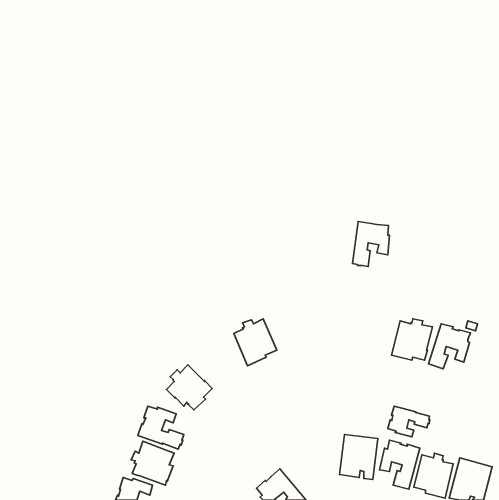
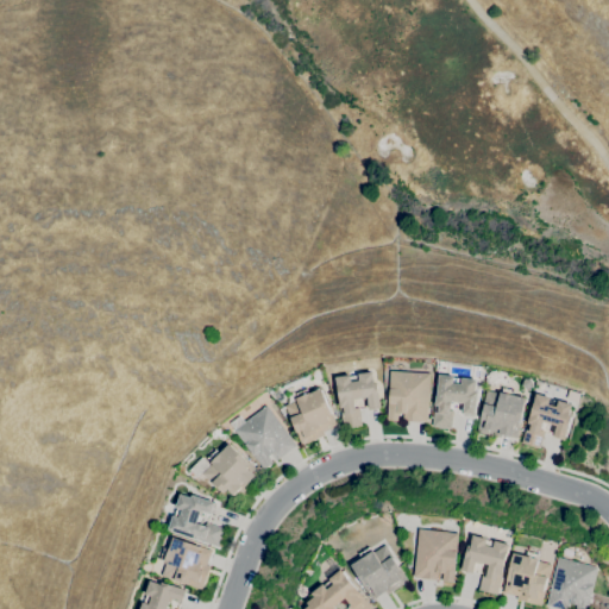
building: [352,221,390,266] -> [433,375,478,429]
building: none -> [337,371,382,428]
building: none -> [388,371,432,422]
building: none -> [236,406,297,470]
building: [388,406,430,437] -> none
building: none -> [352,545,409,601]

